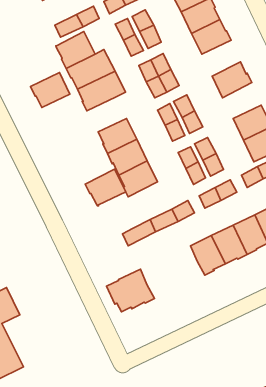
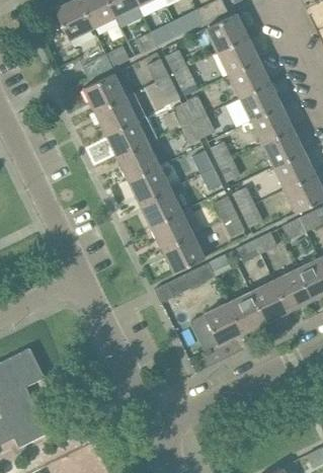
building: none -> [240,82,281,121]
building: [30,72,70,107] -> [116,143,159,180]
building: none -> [262,128,304,166]
building: [85,169,126,206] -> [161,234,205,273]
building: [106,269,154,312] -> [191,303,243,348]

